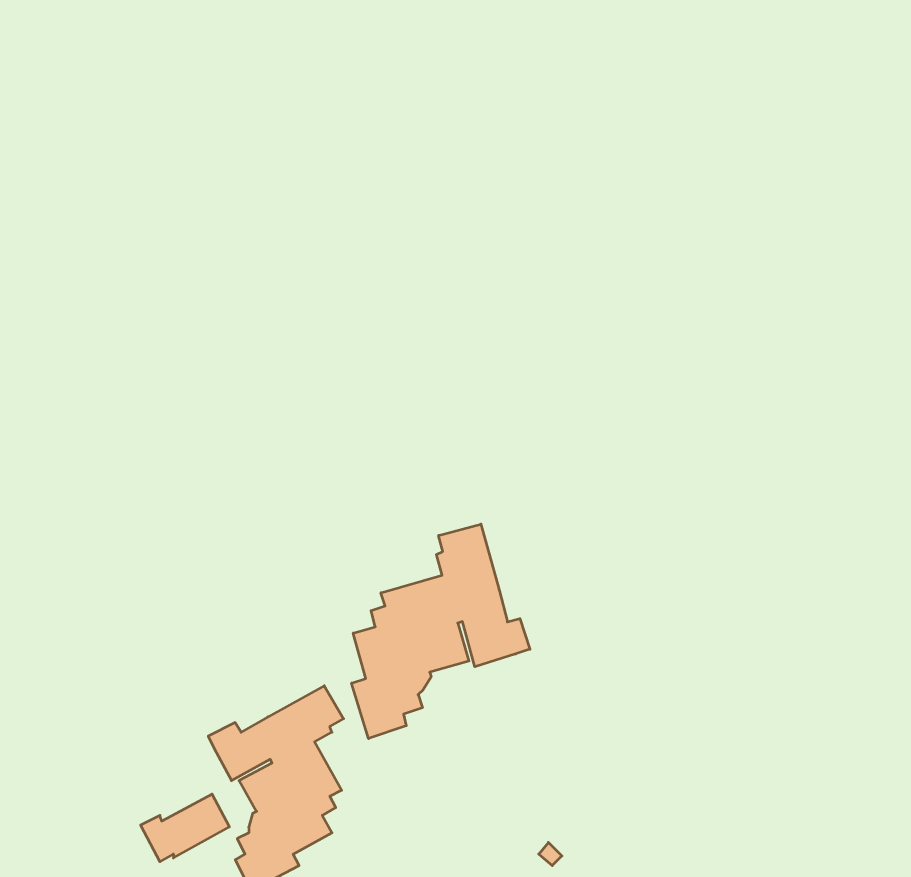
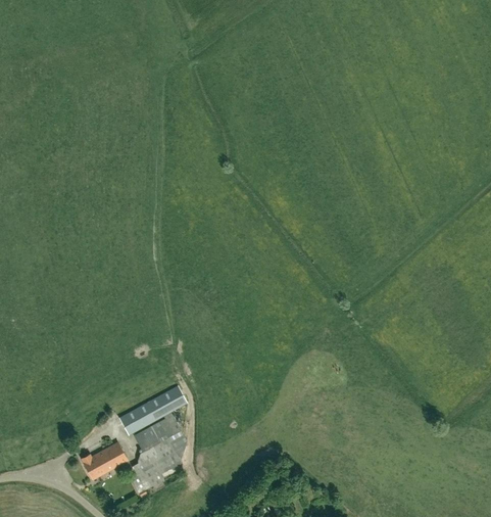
building: [352,524,530,739] -> none

